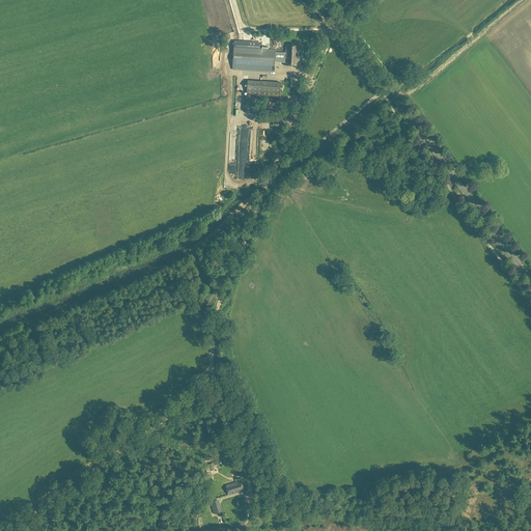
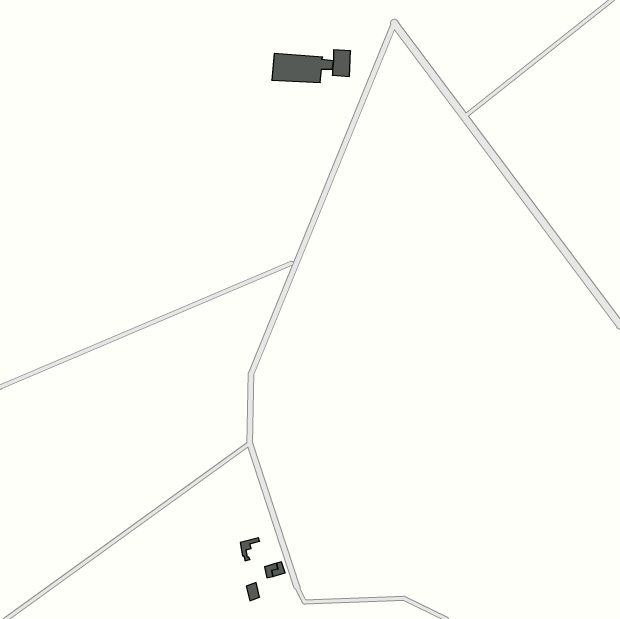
building: [247,79,281,95] -> none

